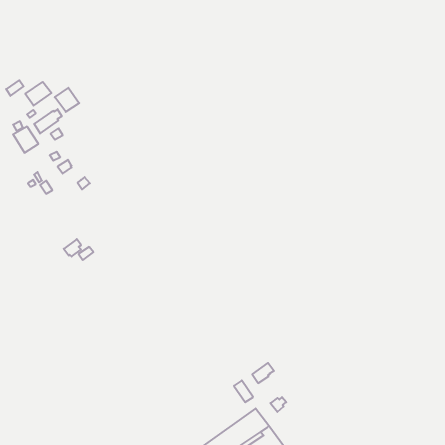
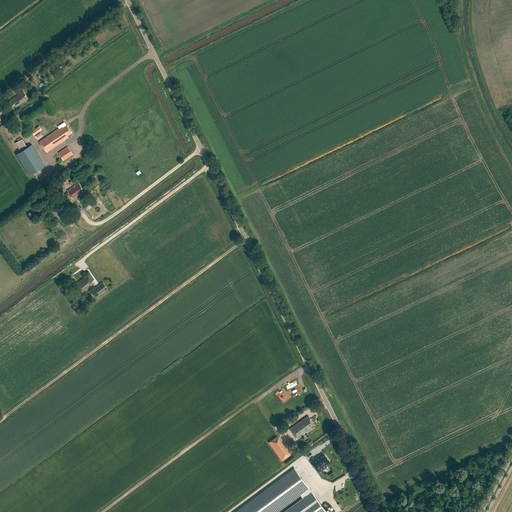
building: [25,82,51,106] -> none
building: [55,88,79,112] -> none

